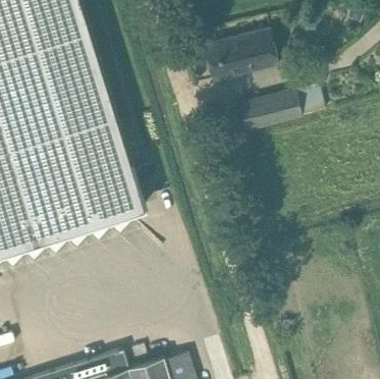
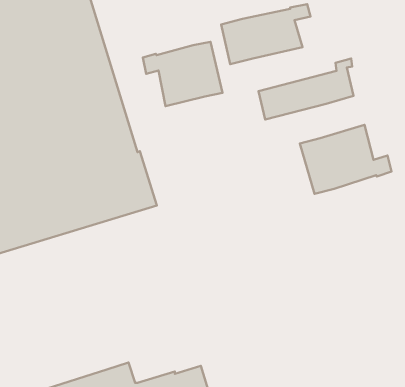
building: none -> [143,42,223,106]
building: none -> [300,125,392,194]

